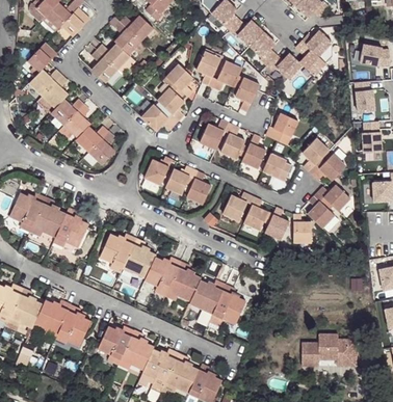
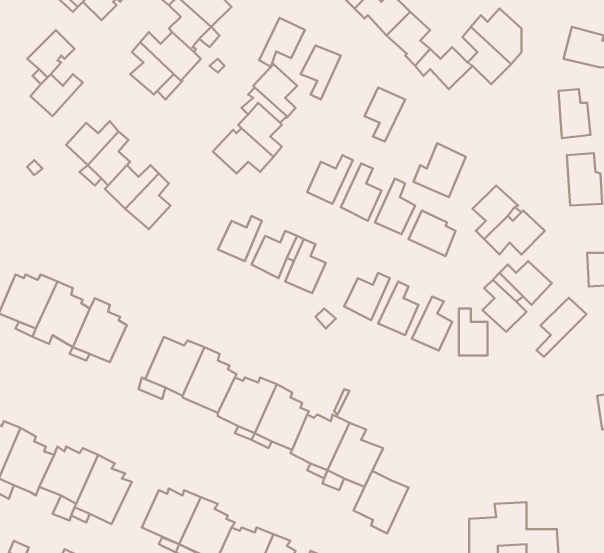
building: [213,61,241,91] -> [259,18,305,67]
building: [37,75,68,113] -> none
building: none -> [536,298,587,357]
building: none -> [354,471,408,534]

